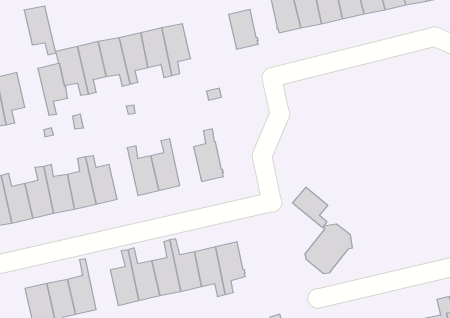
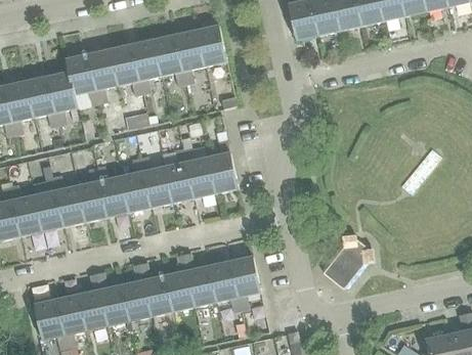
building: [24,6,56,55] -> [25,77,57,127]
building: [228,10,258,49] -> [196,26,226,66]
building: none -> [182,147,215,197]
building: none -> [120,159,149,212]
building: [293,187,328,228] -> none
building: none -> [95,272,129,325]

